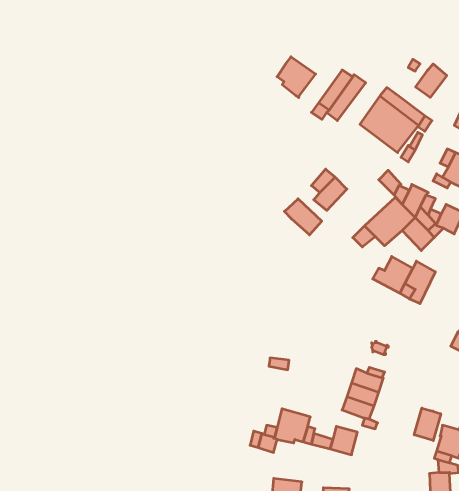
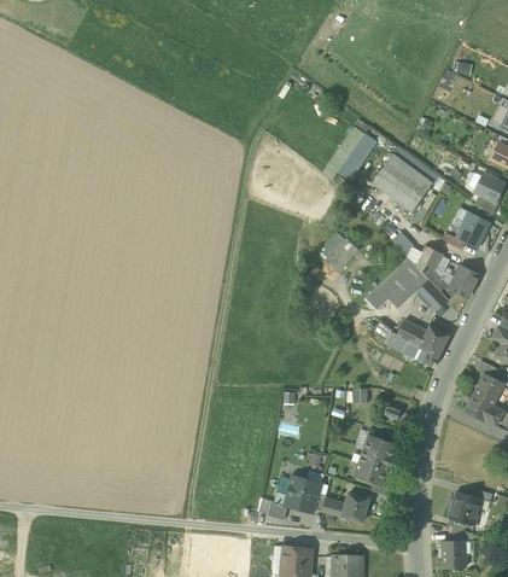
building: [277,57,316,98] -> none
building: [416,64,447,97] -> none
building: [284,199,322,235] -> none
building: [414,408,441,441] -> none

